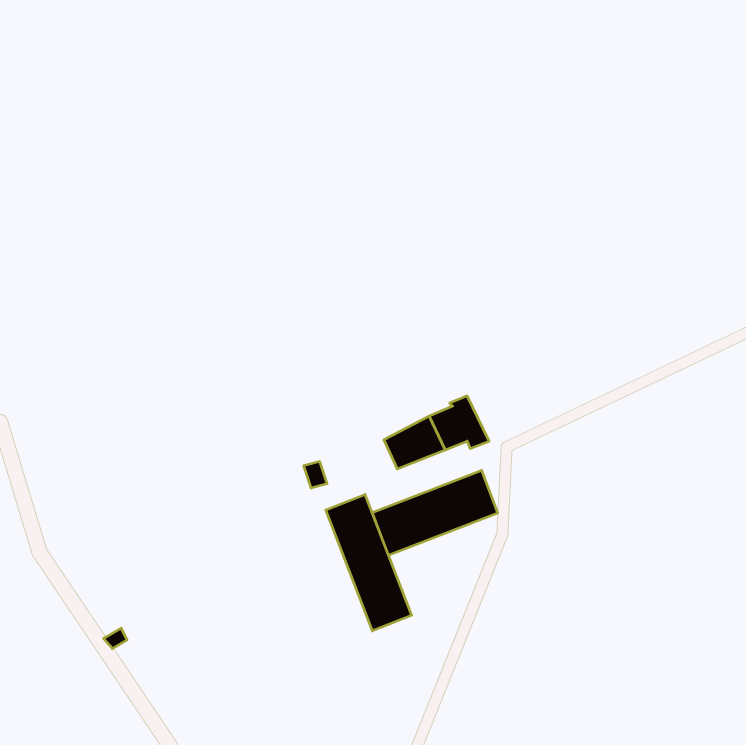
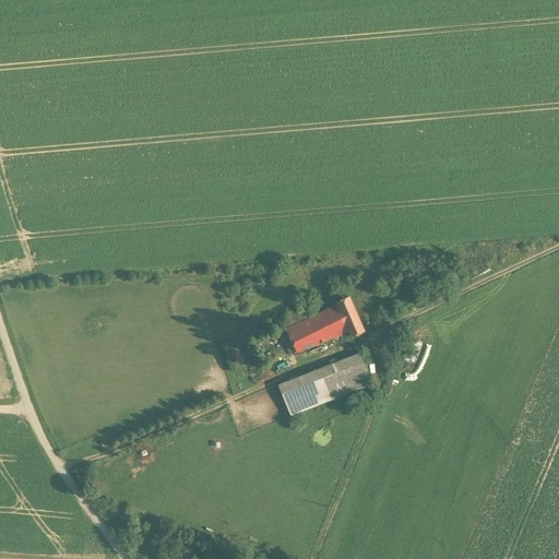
building: [326,494,412,631] -> none

